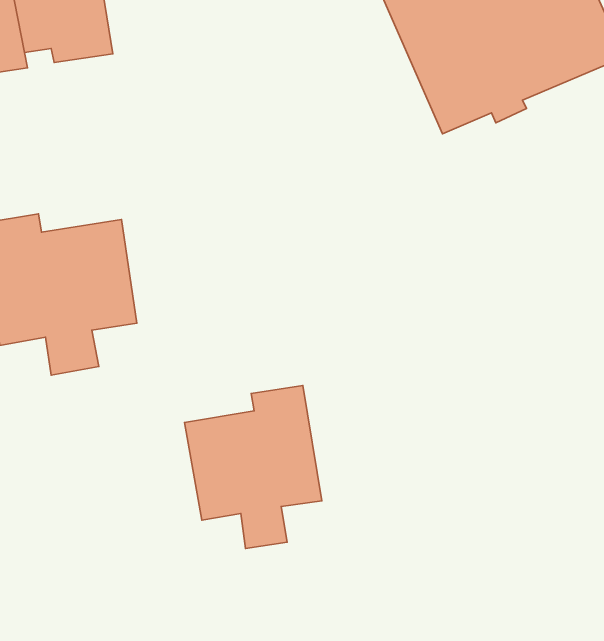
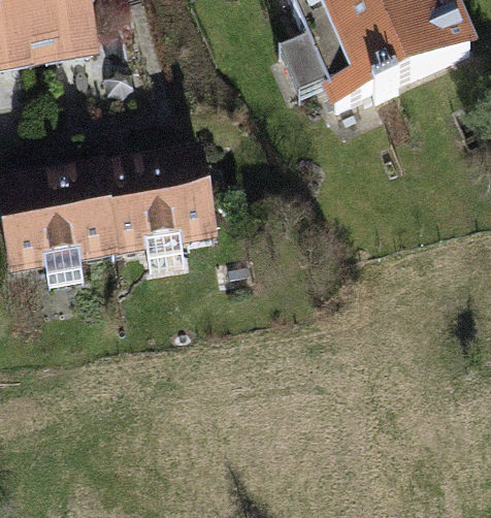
building: none -> [102,158,215,272]
building: [185,385,322,548] -> none

